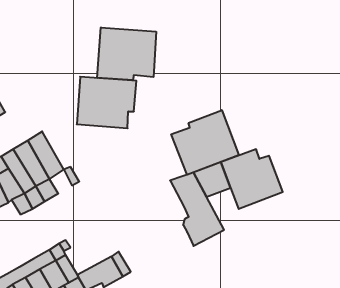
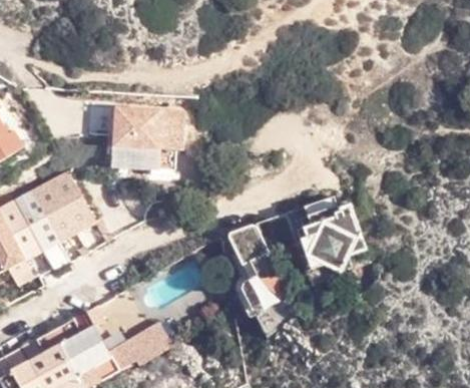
building: [97,27,156,80] -> none
building: [171,110,239,175] -> none

